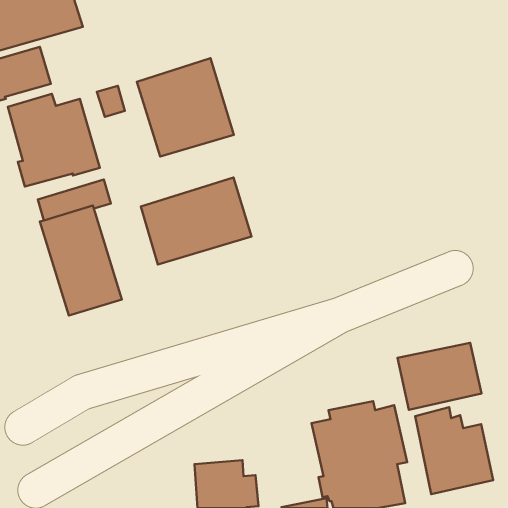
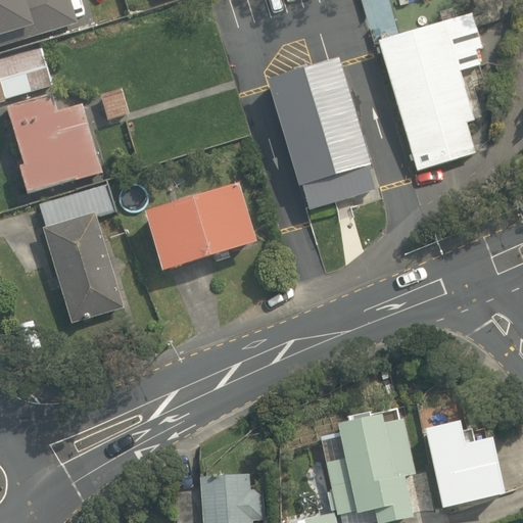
building: none -> [375,13,480,173]
building: none -> [266,58,374,209]
building: [137,58,234,156] -> none
building: [398,343,481,410] -> none

